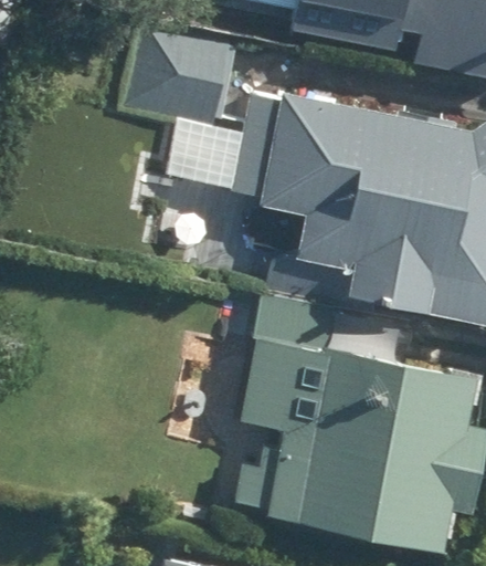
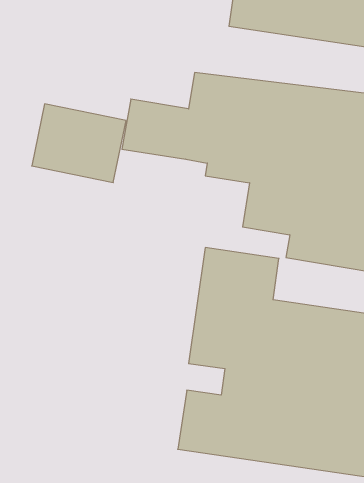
building: [129,25,235,114] -> [32,104,126,183]

